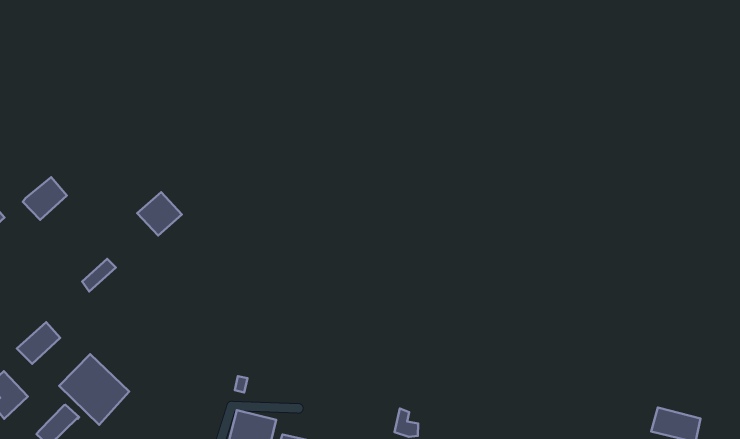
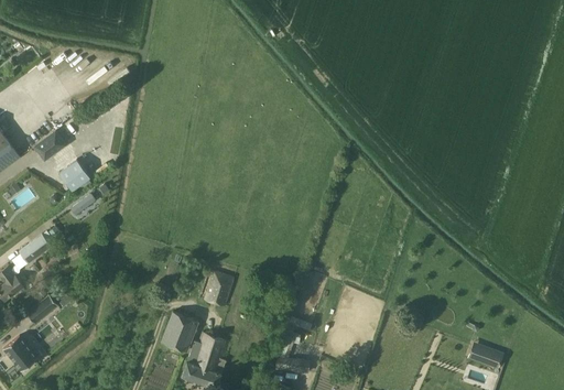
building: [137,192,182,236] -> [58,160,90,191]
building: none -> [204,271,235,307]
building: [59,354,129,425] -> none

